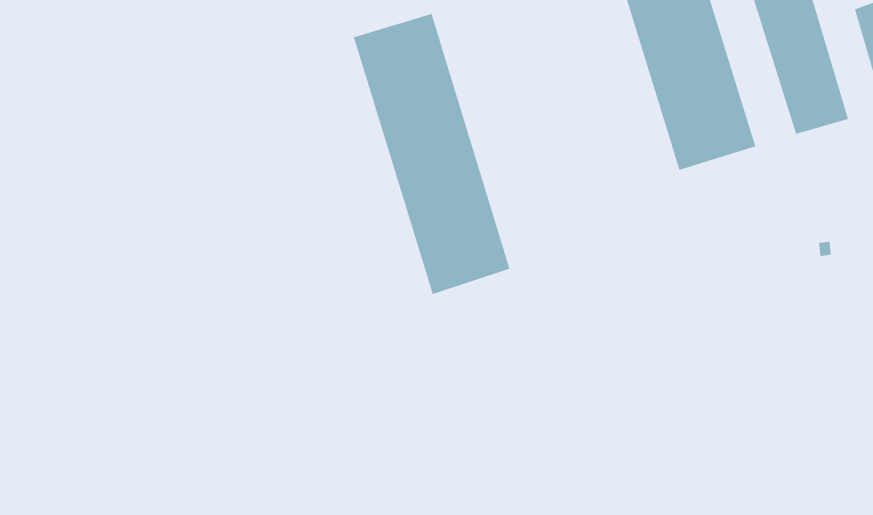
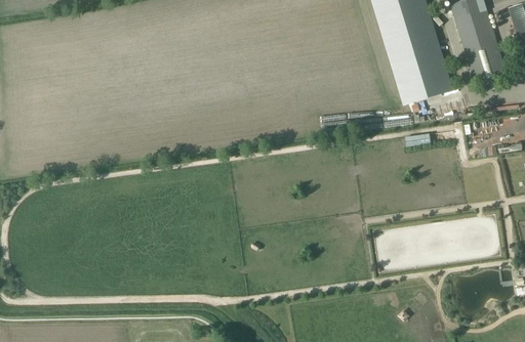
building: [353,13,510,295] -> none

